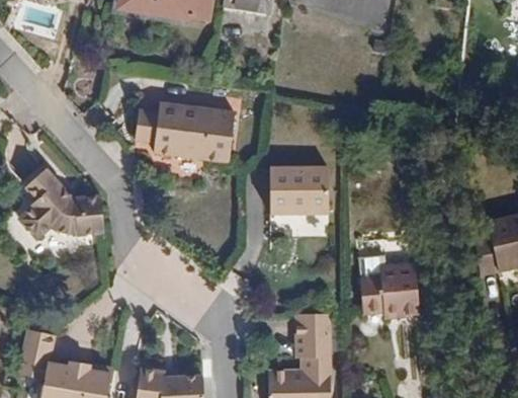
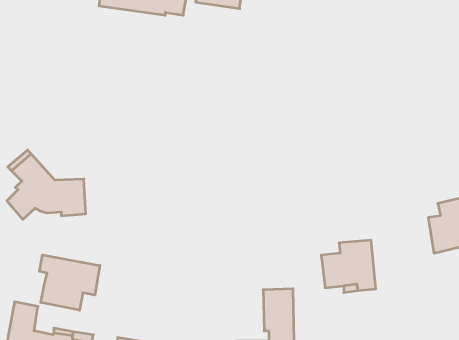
building: [135,101,234,161] -> none
building: [269,167,327,213] -> none
building: none -> [39,255,100,310]

